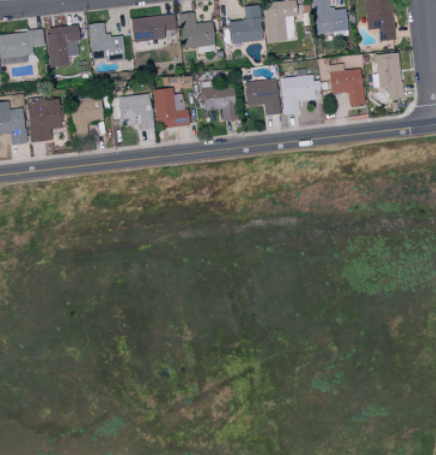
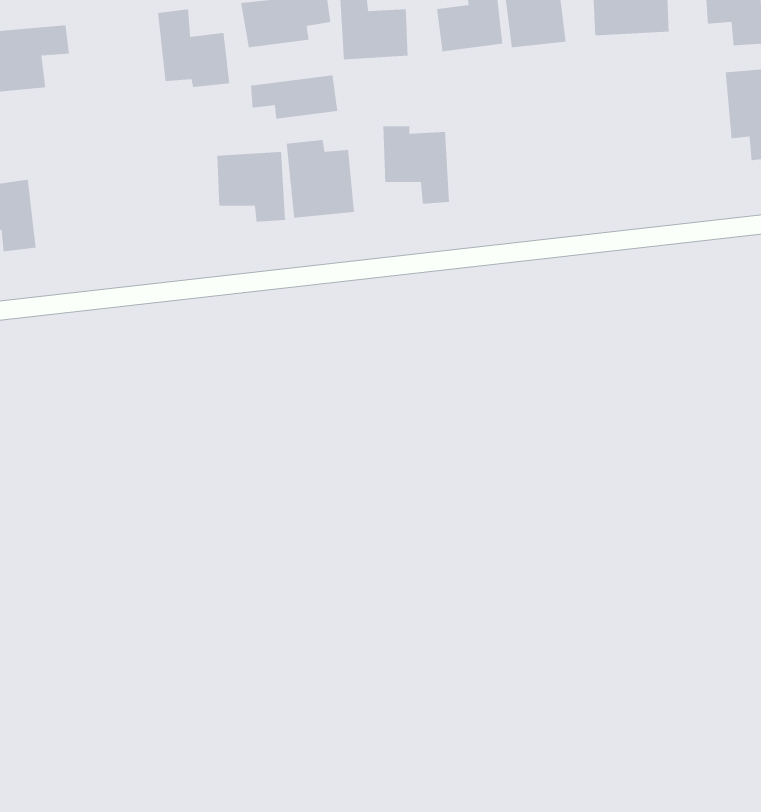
building: [47,26,79,66] -> none
building: none -> [250,75,338,120]
building: [327,63,365,106] -> none
building: [281,76,320,114] -> none
building: [244,80,278,115] -> none
building: [70,95,102,133] -> none
building: [27,98,62,142] -> none

